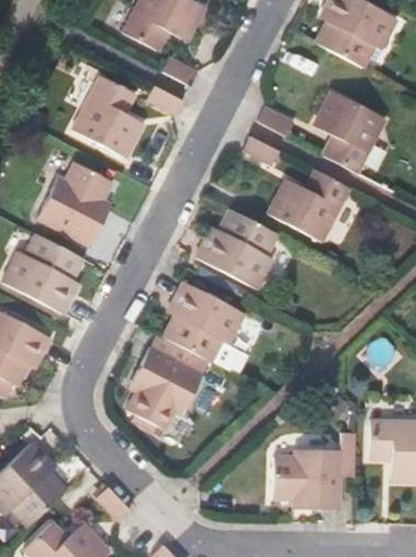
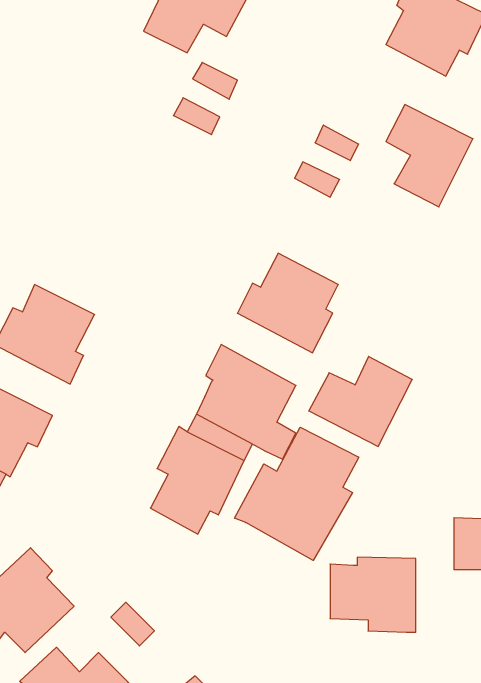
building: [72,73,140,157] -> none
building: [37,160,113,244] -> none
building: [267,168,350,239] -> [309,356,412,446]
building: none -> [235,427,359,560]

